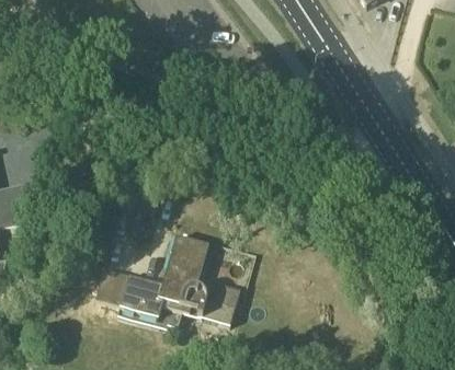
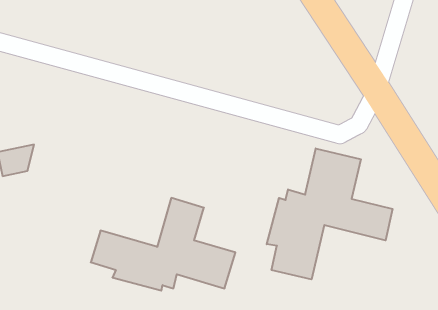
building: none -> [267,148,393,279]

